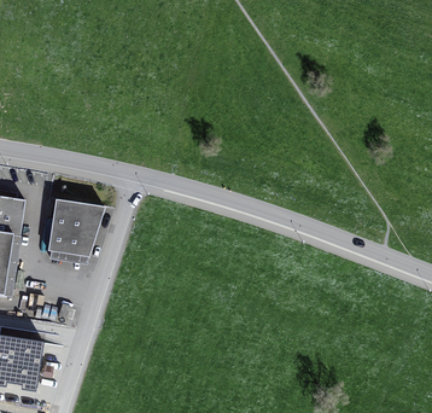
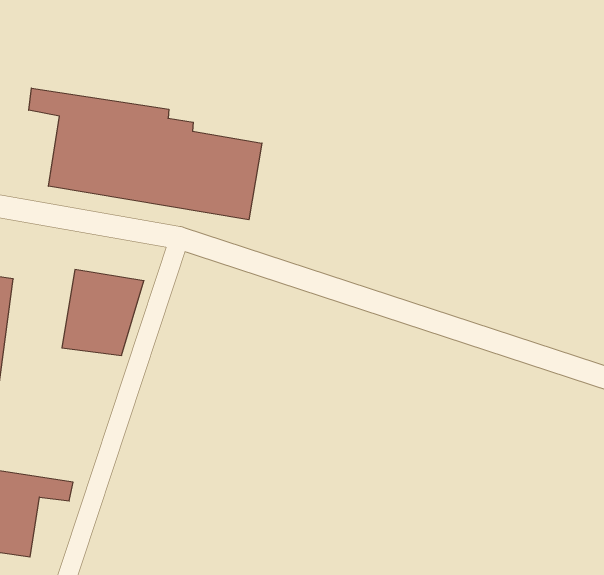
building: none -> [29,88,262,220]

